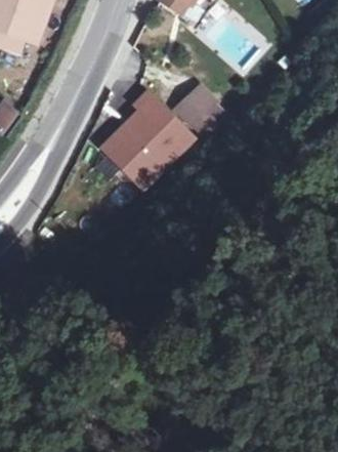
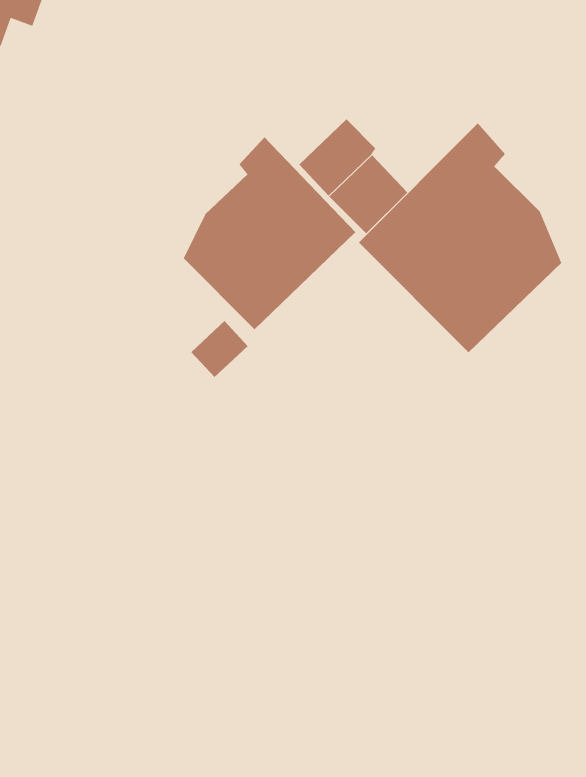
building: none -> [358,122,562,353]

